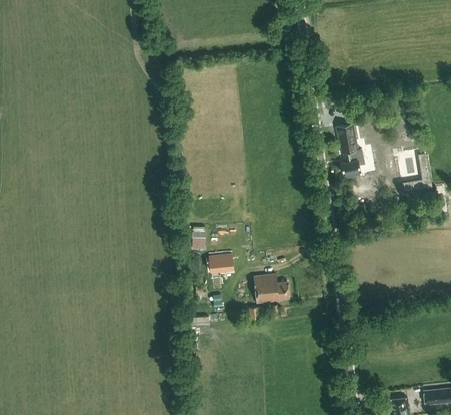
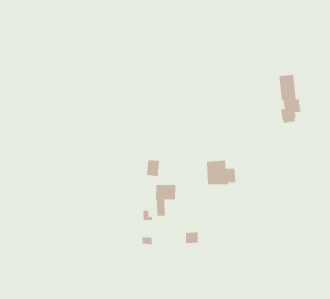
building: [254,273,289,302] -> [206,160,236,185]

